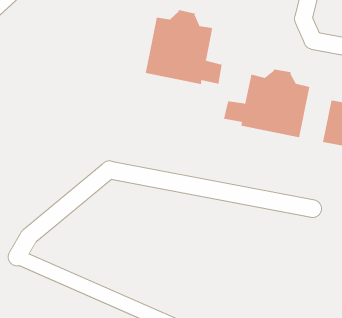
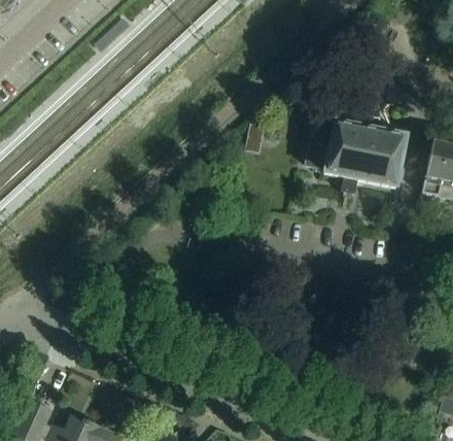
building: [145,9,222,85] -> none

